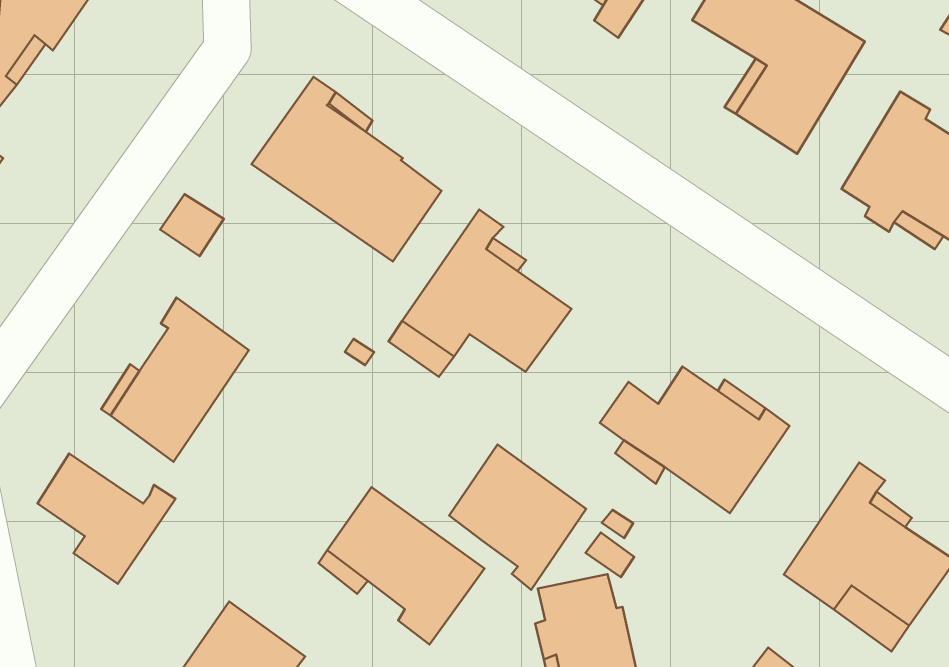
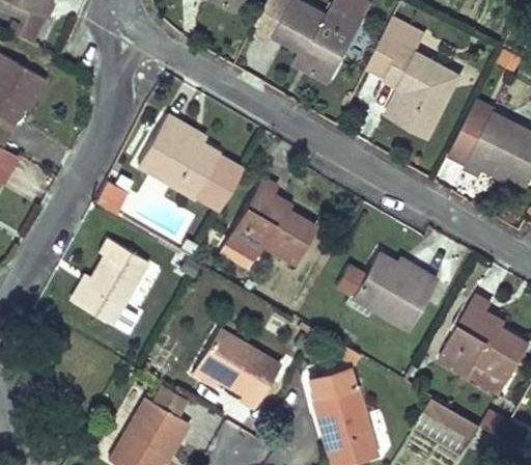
building: [449,445,586,590] -> none
building: [38,454,175,584] -> none

